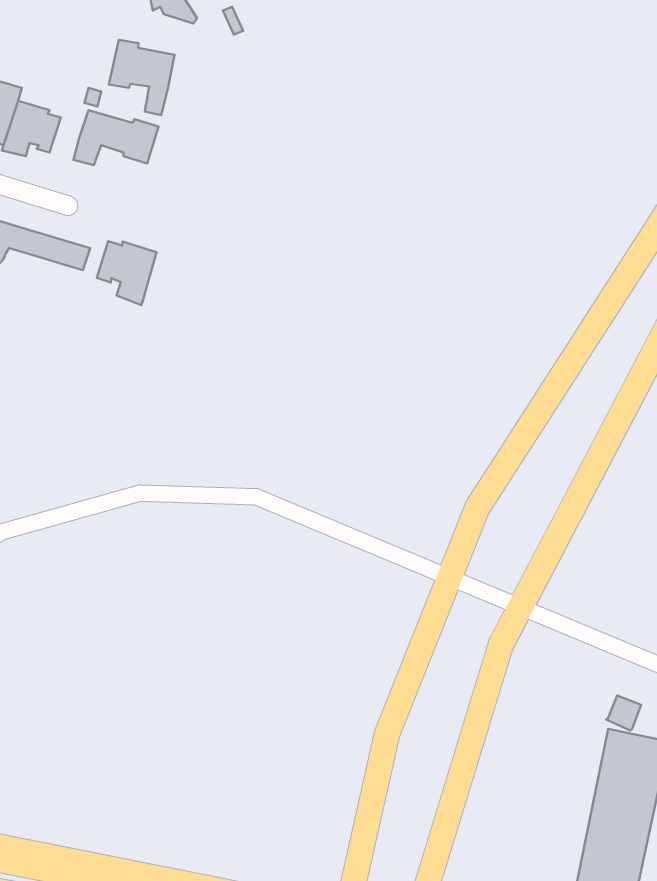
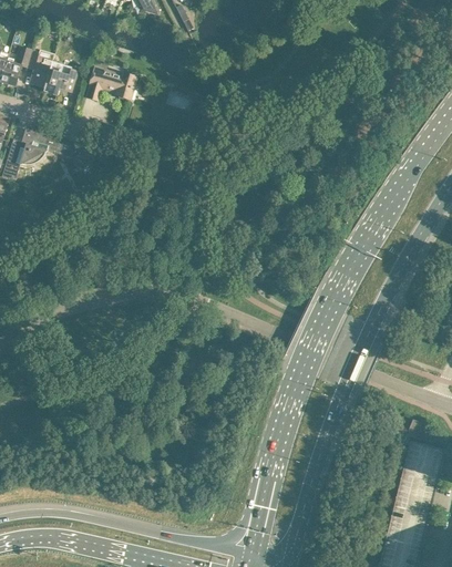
building: [109,40,174,115] -> none
building: [97,241,157,305] -> none

